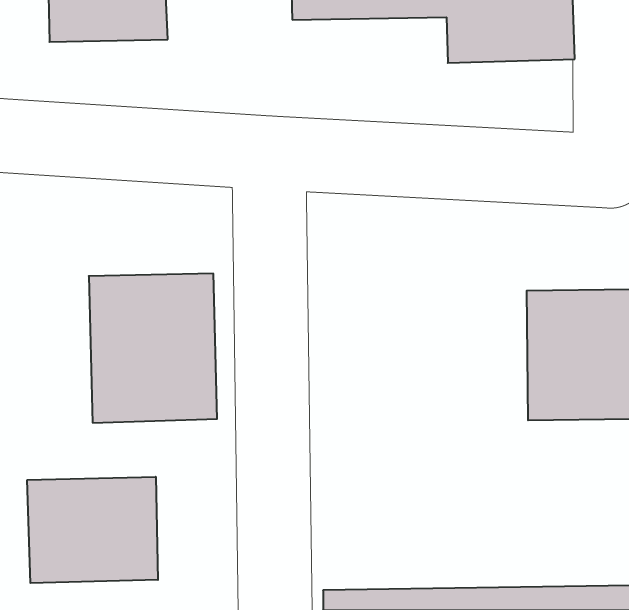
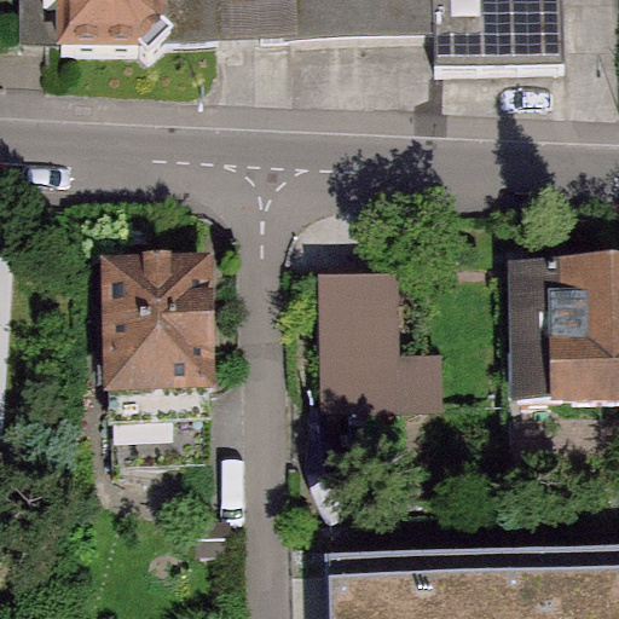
building: none -> [314,280,428,416]
building: [27,477,158,583] -> none

